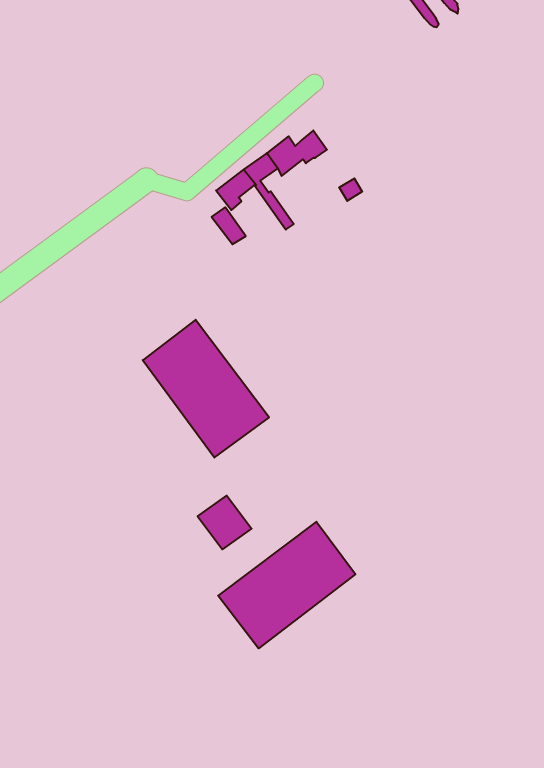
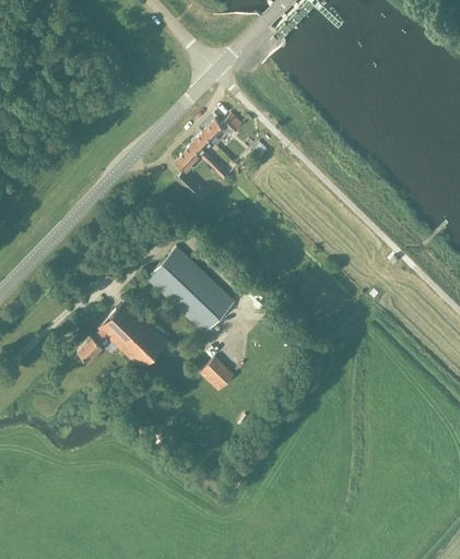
building: none -> [78,300,168,368]
building: [218,522,355,648] -> none

